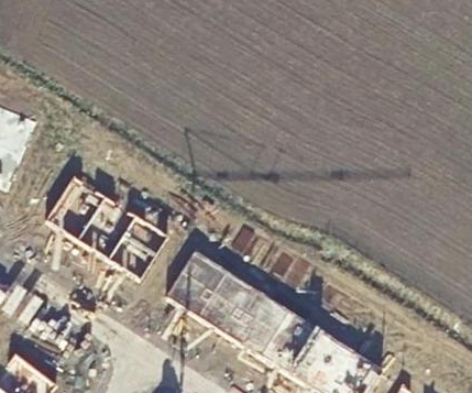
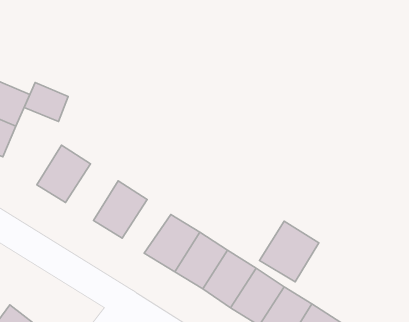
building: none -> [24,83,68,122]
building: [78,197,136,260] -> none
building: none -> [259,221,319,282]

